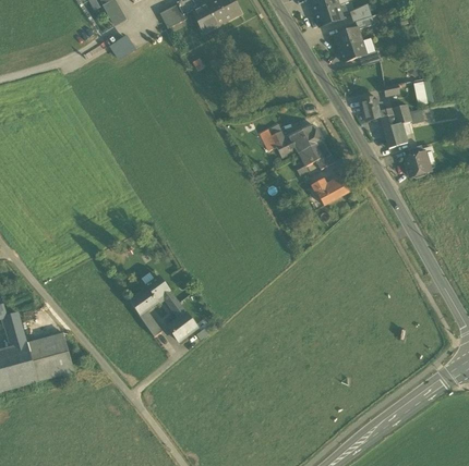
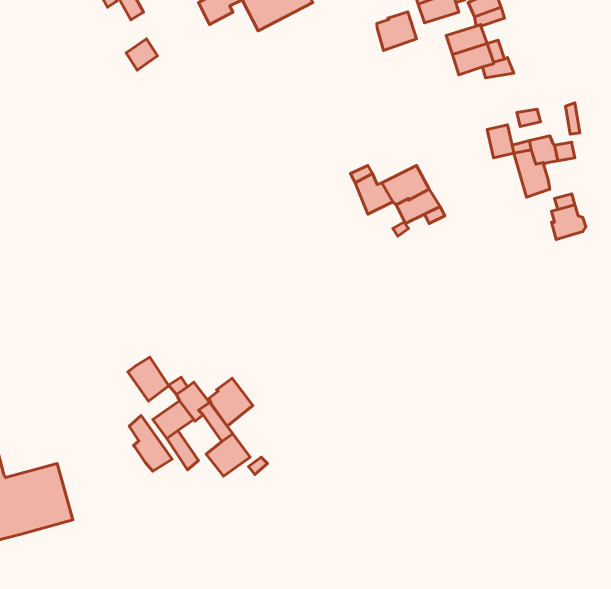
building: none -> [377,12,417,50]
building: [311,175,347,204] -> none
building: none -> [128,357,169,401]
building: none -> [209,378,253,426]
building: none -> [129,415,172,471]

